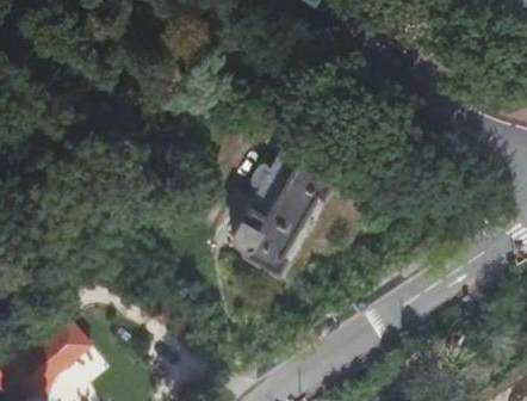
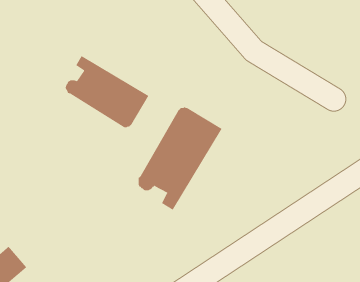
building: none -> [65,55,149,128]

